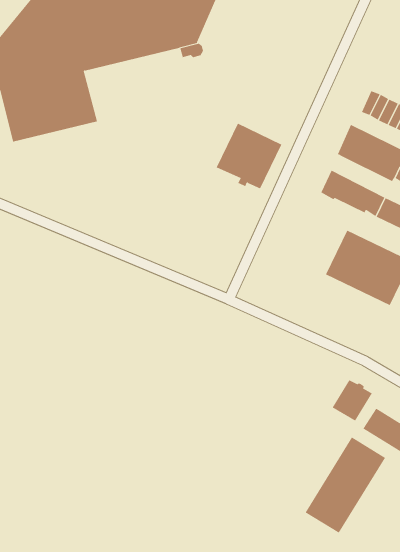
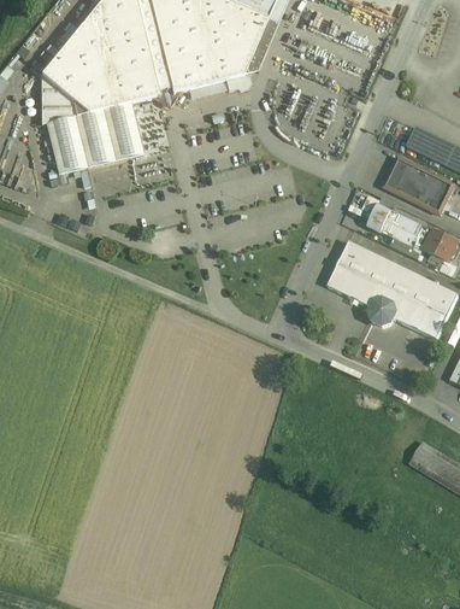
building: [216,123,282,189] -> [328,240,394,306]
building: [332,380,372,421] -> none
building: [305,437,386,534] -> none

